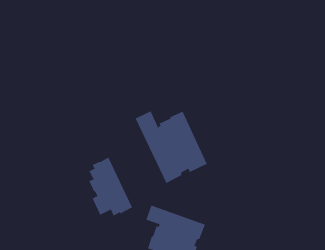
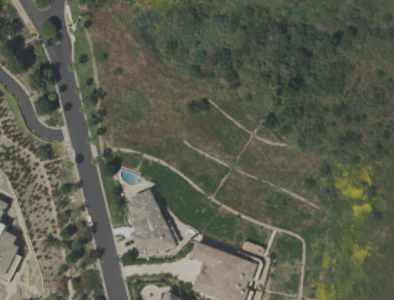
building: [135,111,207,184] -> none

